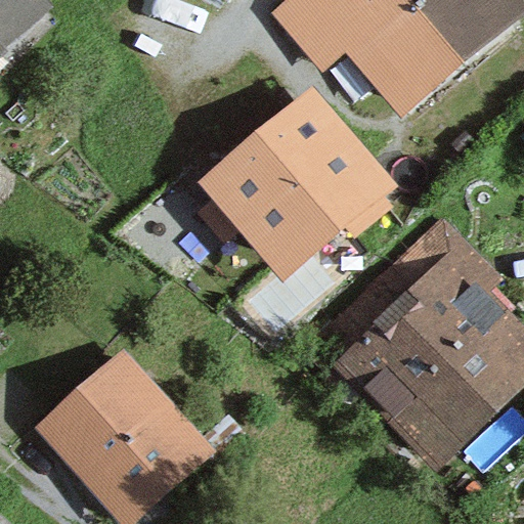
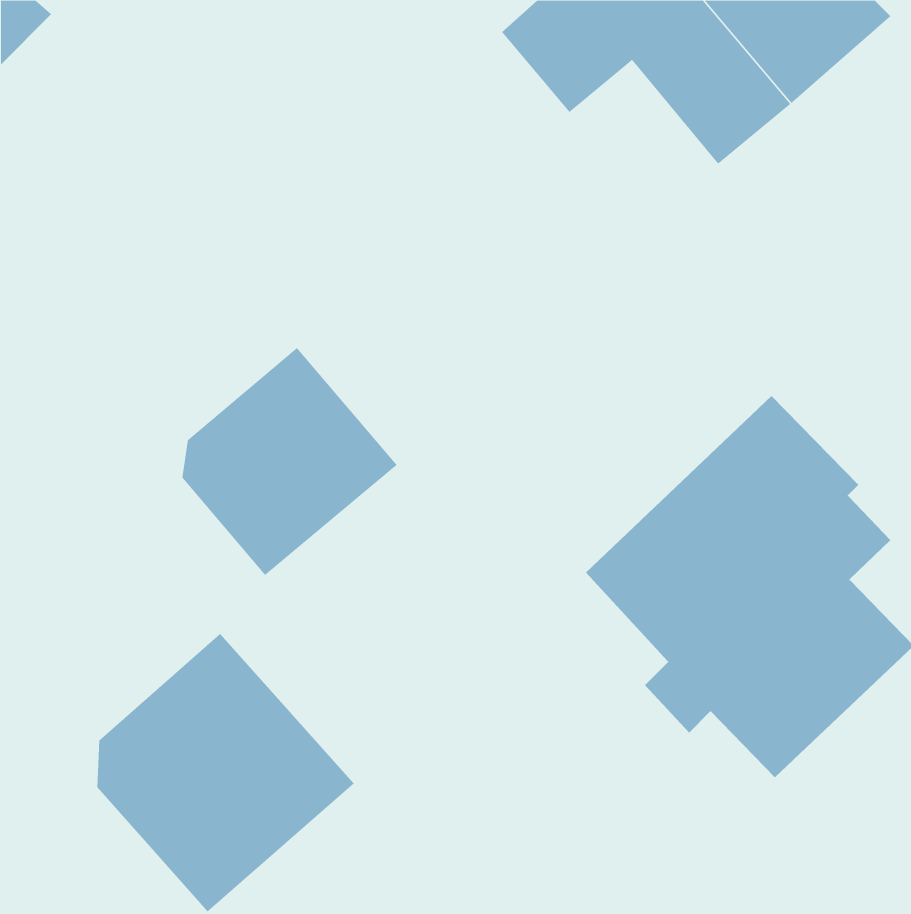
building: [224,116,389,260] -> none
building: none -> [182,347,397,576]

